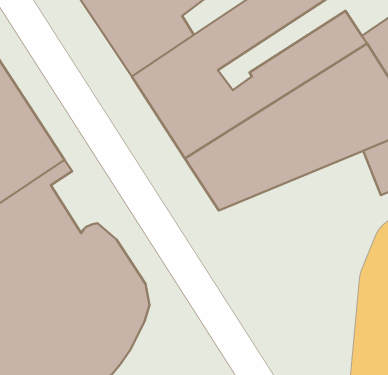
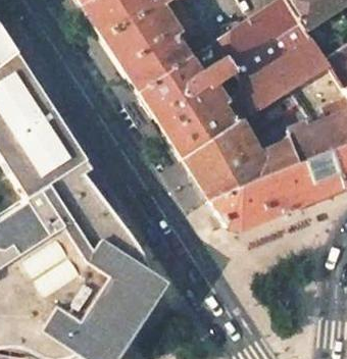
building: none -> [210,153,341,232]

